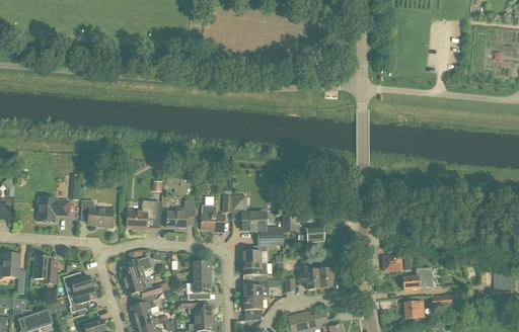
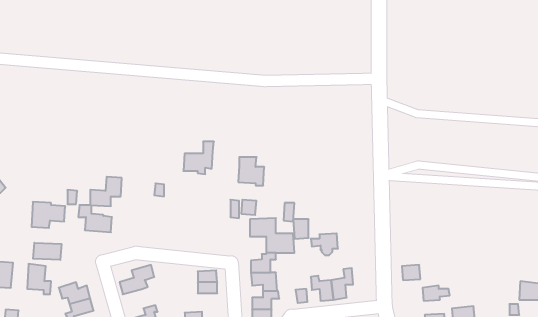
building: [127,200,156,228] -> [90,177,122,206]
building: [166,200,195,231] -> [183,142,214,174]
building: [200,205,224,232] -> [238,157,264,185]
building: none -> [33,243,61,260]
building: [123,276,161,297] -> none
building: [186,282,211,300] -> none

